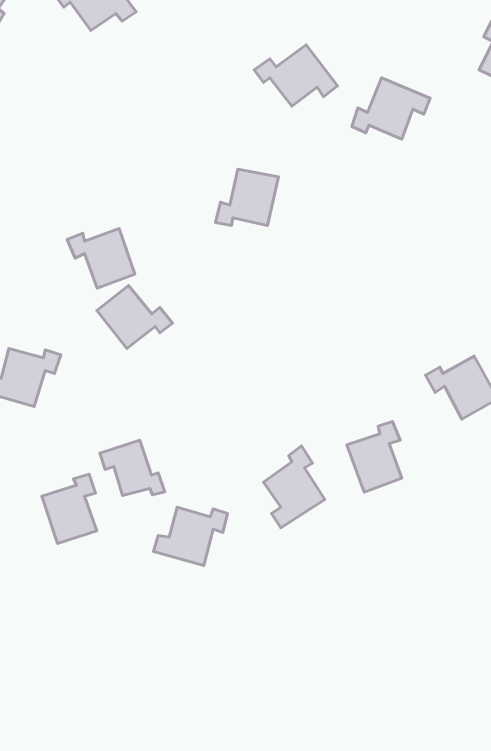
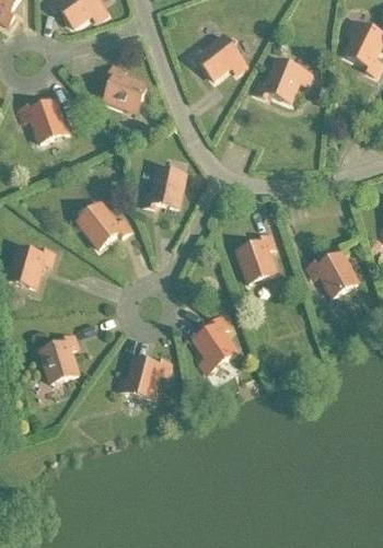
building: none -> [105,63,147,110]
building: [216,169,279,226] -> [142,167,186,207]
building: [67,228,135,288] -> [20,100,67,141]
building: [347,421,402,492] -> [237,233,276,282]
building: [100,440,165,496] -> none

